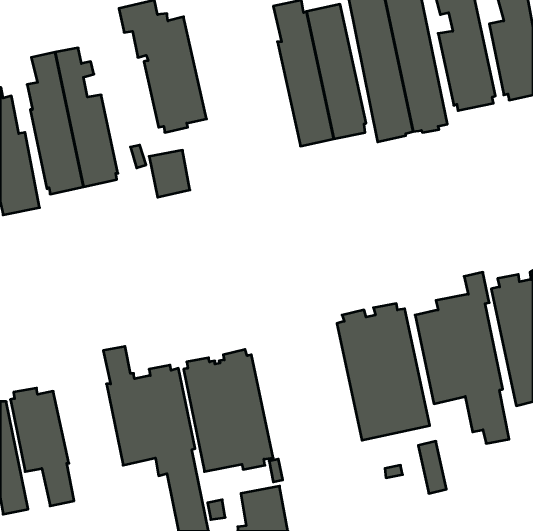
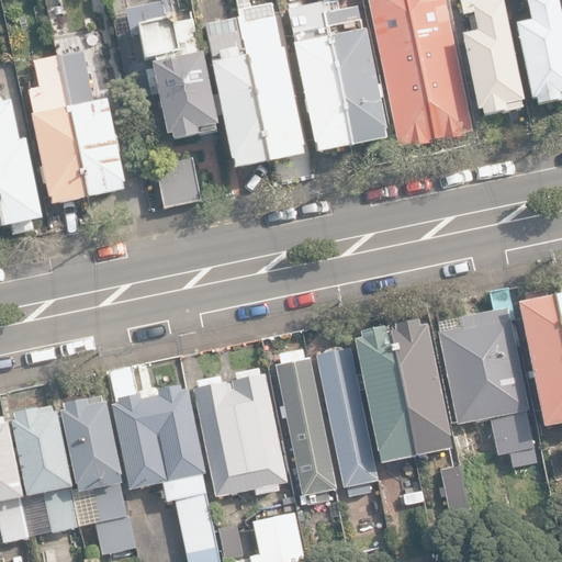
building: none -> [205,15,301,169]
building: none -> [276,347,337,503]
building: none -> [316,347,376,495]
building: none -> [60,394,135,553]

